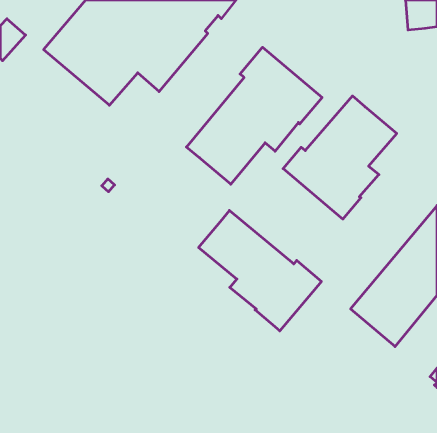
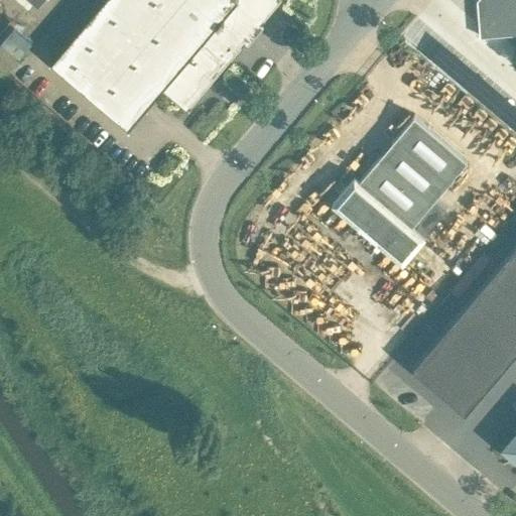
building: [186,47,322,184] -> none
building: [199,210,321,331] -> none

